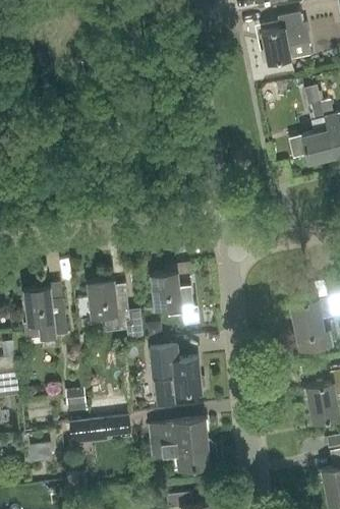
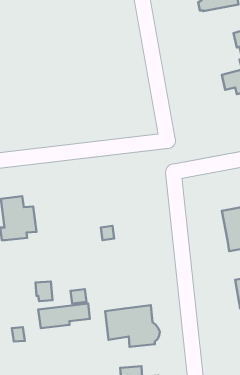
building: [152,272,194,314] -> none
building: [89,279,144,341] -> none
building: [150,347,207,405] -> none

